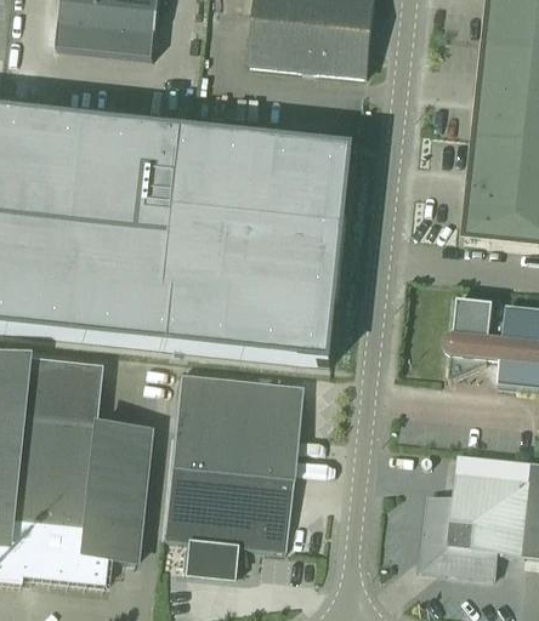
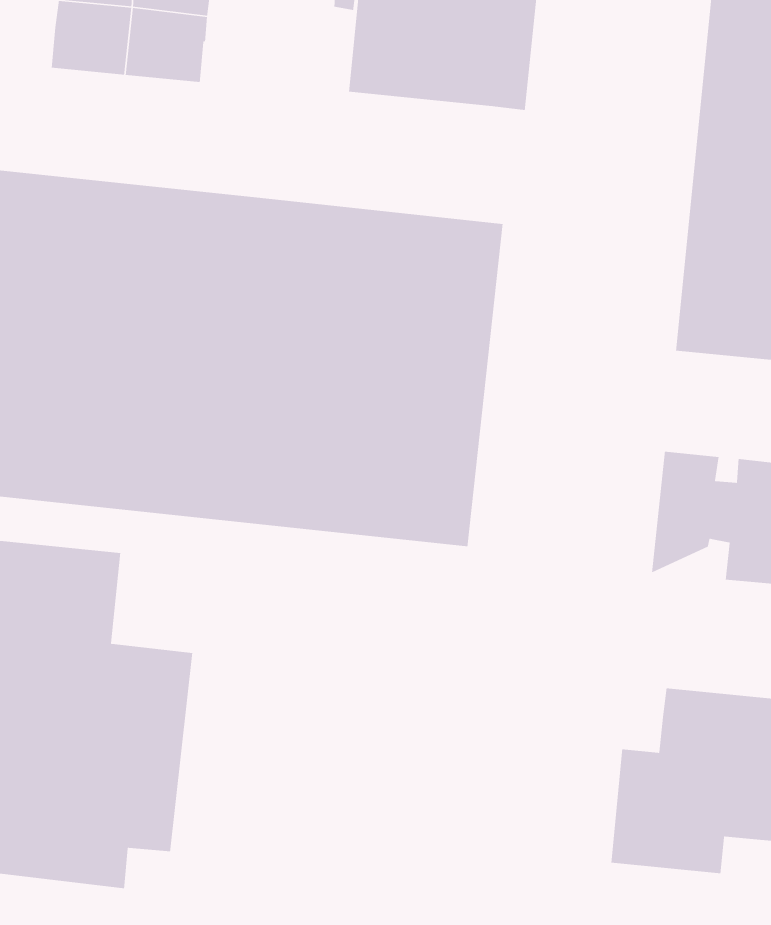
building: [163,372,302,572] -> none

